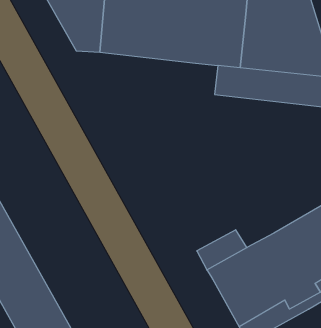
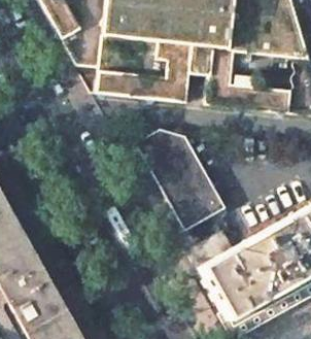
building: none -> [96,67,186,103]
building: none -> [135,126,223,231]

